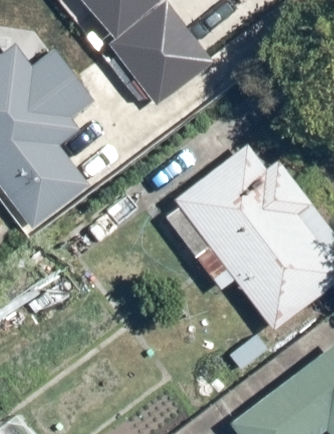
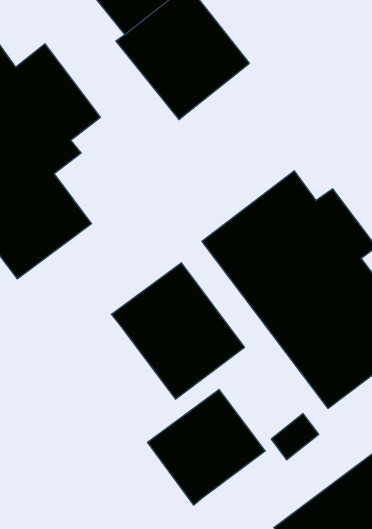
building: none -> [111,263,244,399]
building: none -> [148,389,265,505]

